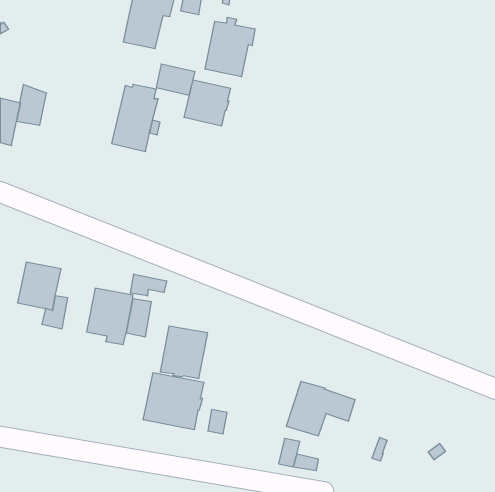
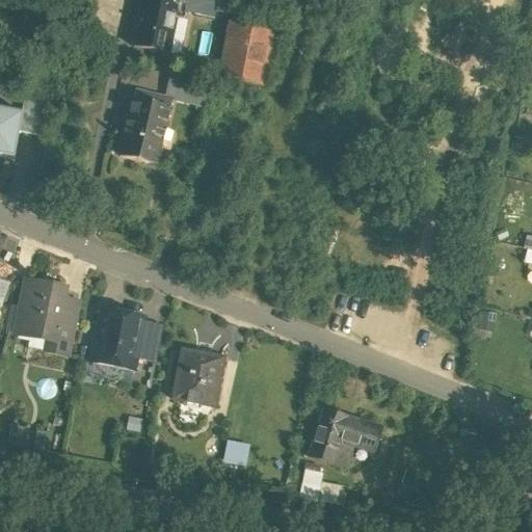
building: [184,80,231,126] -> none
building: [131,274,167,296] -> none
building: [143,373,204,430] -> none

